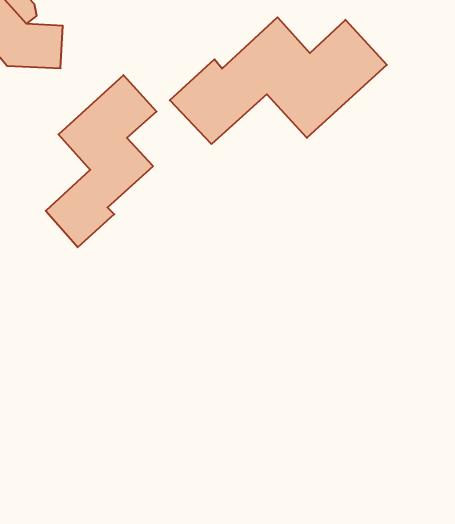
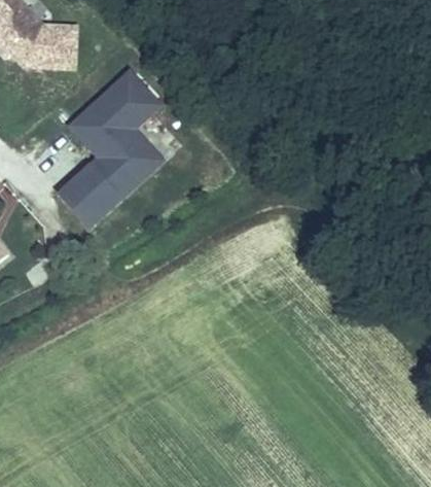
building: [170,17,387,144] -> none

